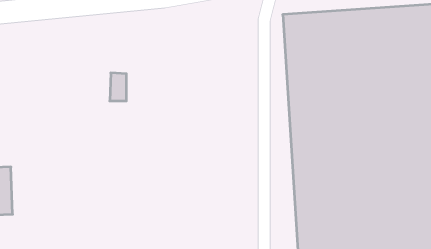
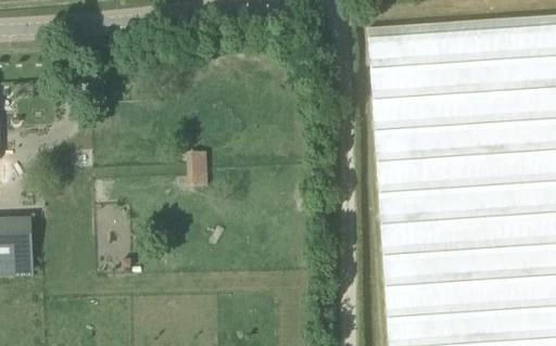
building: [110,73,126,101] -> [188,152,208,187]

